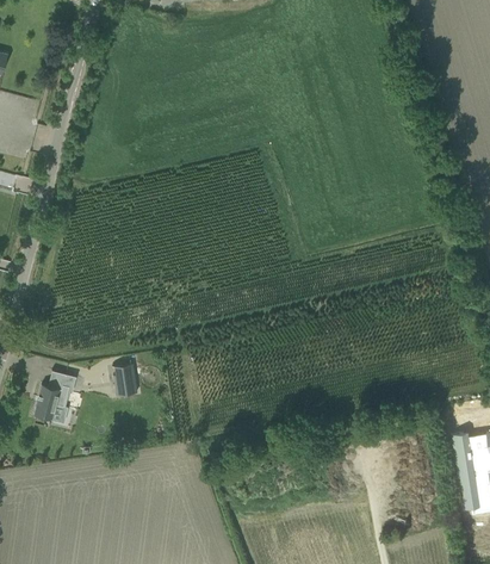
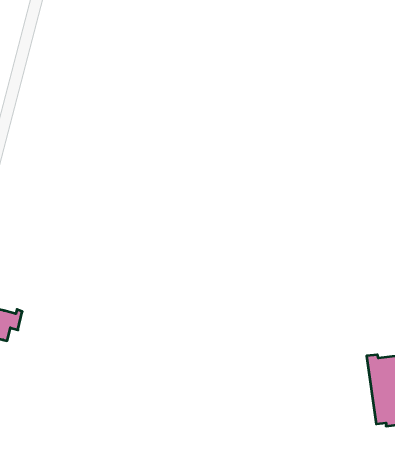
building: [114,362,137,395] -> none

